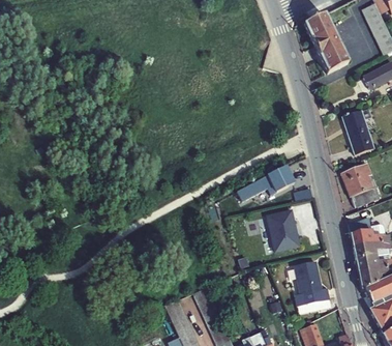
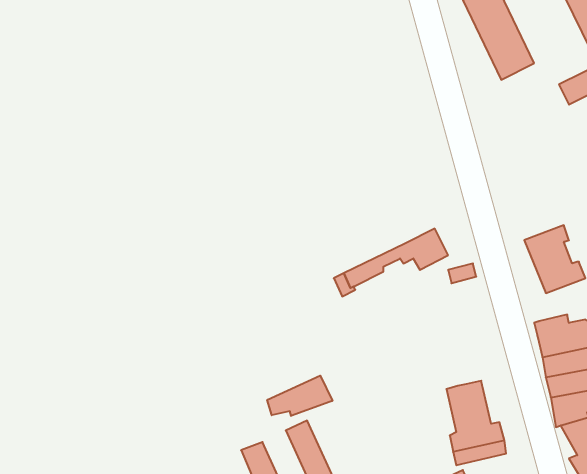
building: [341,109,372,154] -> none
building: [267,210,299,251] -> none
building: none -> [267,376,332,416]

